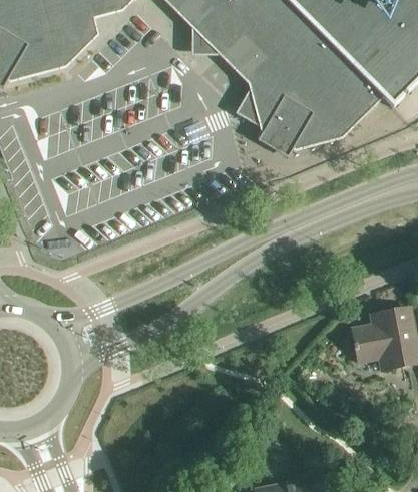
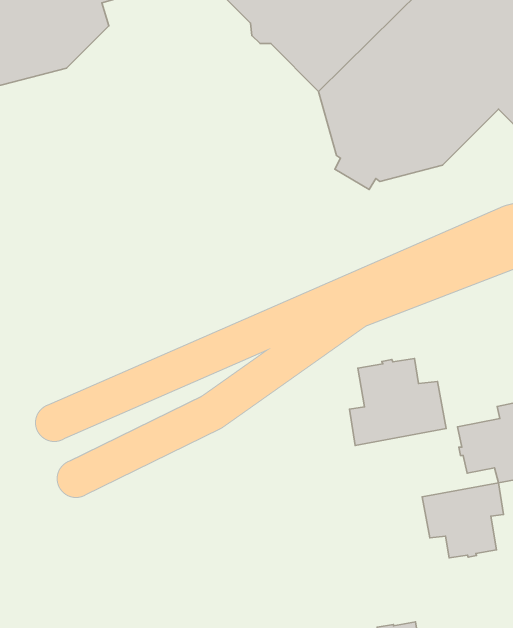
building: none -> [349,359,446,446]
building: none -> [422,483,503,558]

